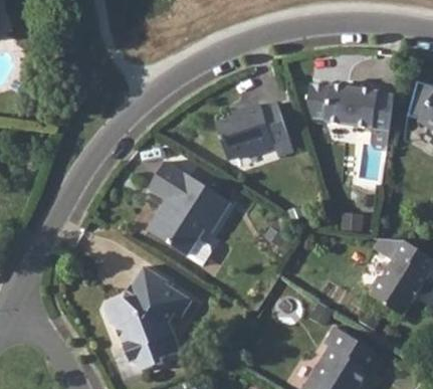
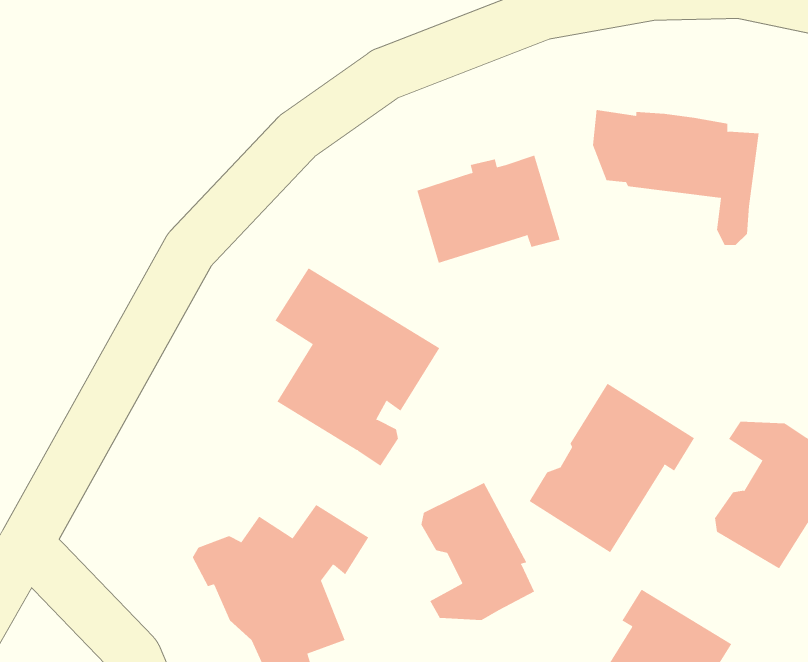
building: none -> [529,383,695,553]
building: none -> [421,482,535,621]

